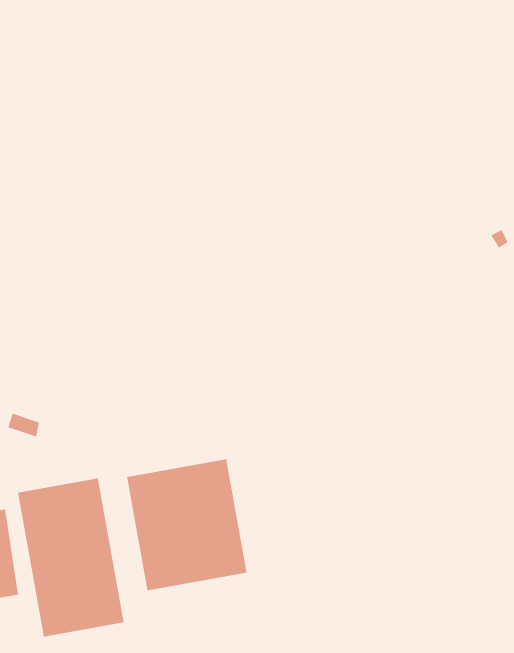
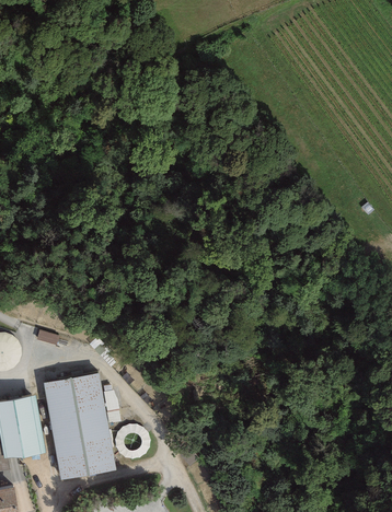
building: [126,459,247,591] -> none

